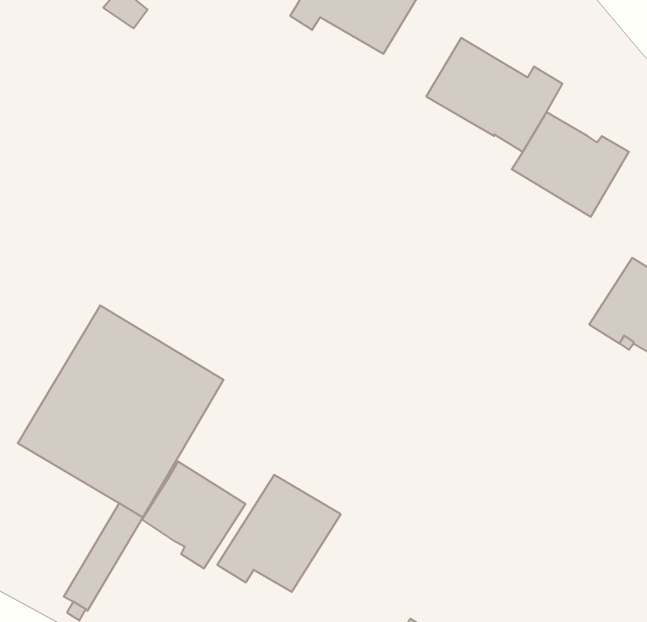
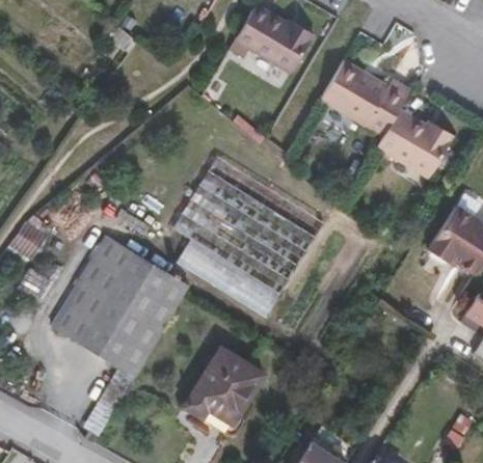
building: none -> [172,156,324,318]
building: [142,461,245,569] -> none

